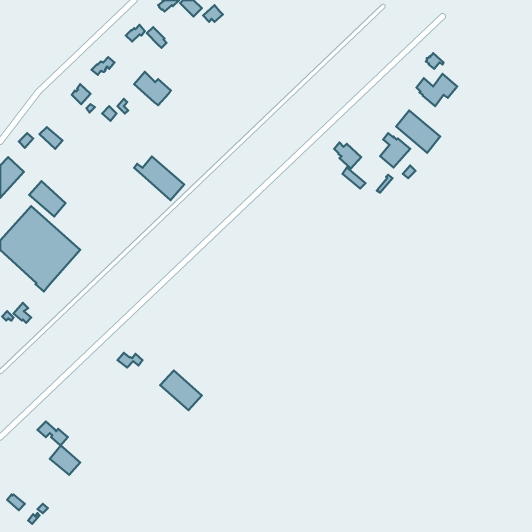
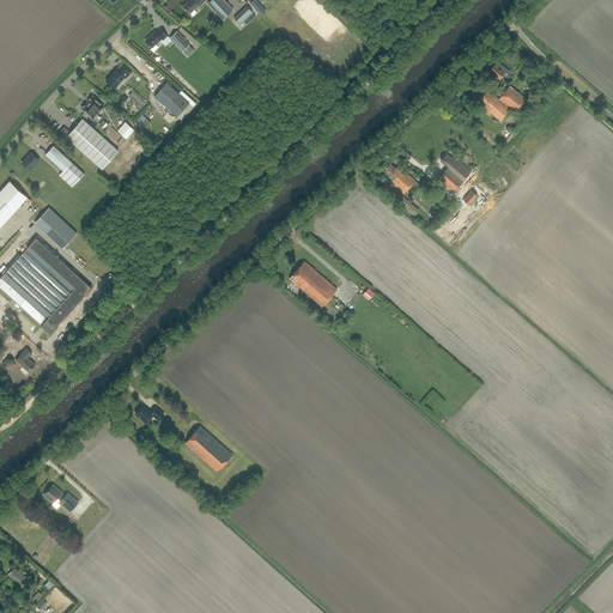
building: [396,110,440,153] -> none
building: [134,156,184,200] -> [60,119,117,169]
building: none -> [290,261,336,306]
building: [50,446,80,475] -> none

